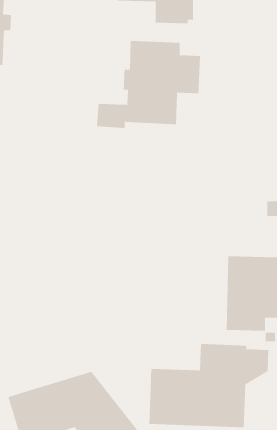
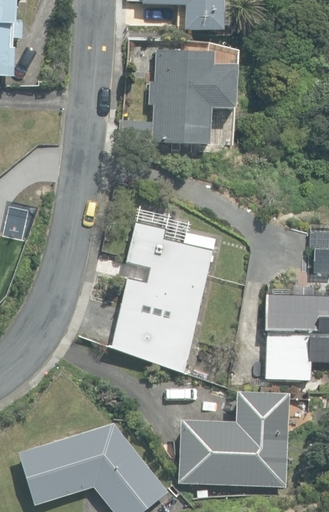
building: none -> [111,222,214,372]

